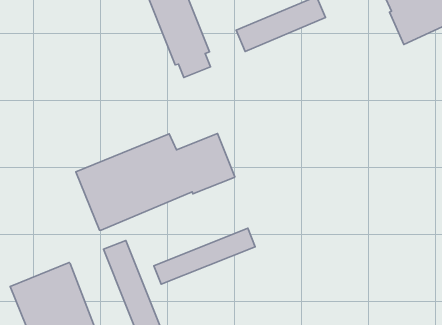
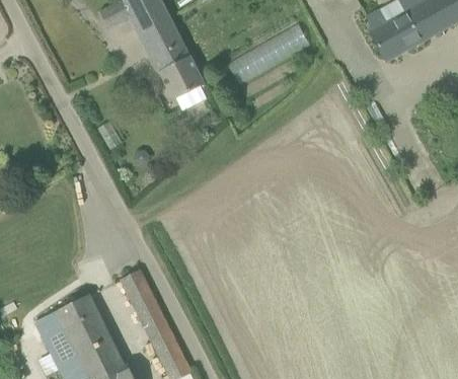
building: [76,134,235,230] -> none
building: [154,228,255,284] -> none

